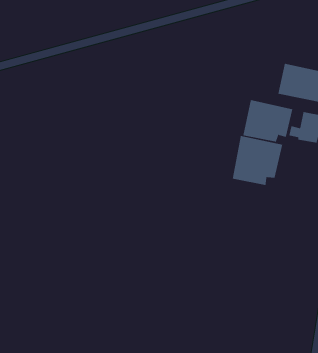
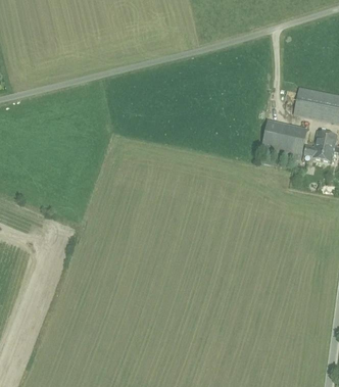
building: [232,135,283,186] -> none

